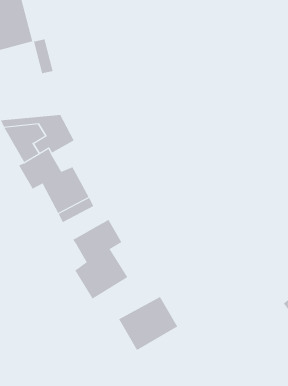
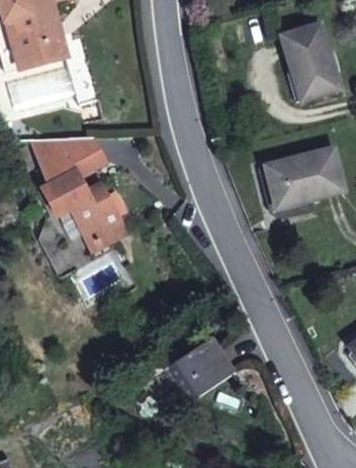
building: none -> [282,18,339,93]
building: none -> [264,146,339,202]
building: [73,219,128,299] -> none

